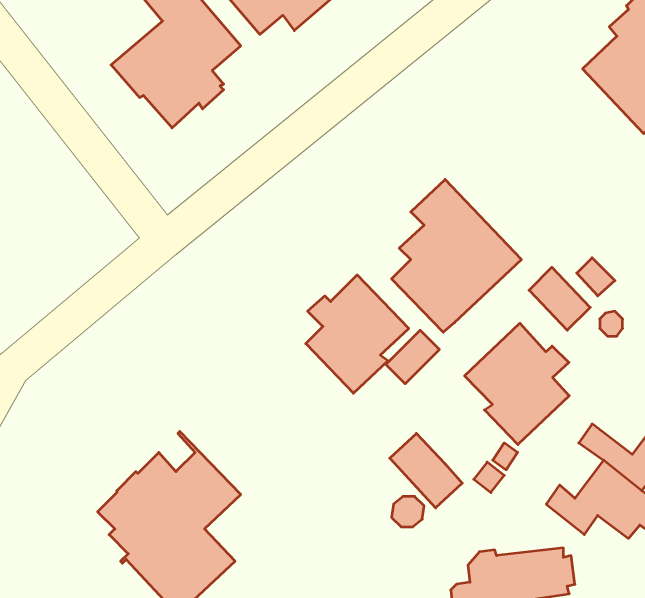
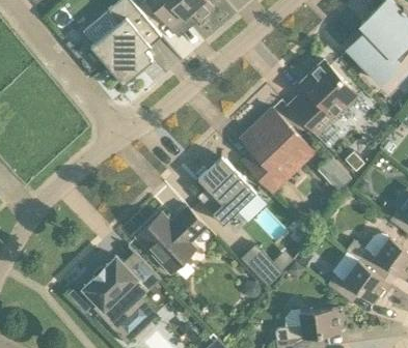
building: none -> [285,59,351,135]
building: [465,323,569,445] -> none
building: none -> [135,206,215,272]

